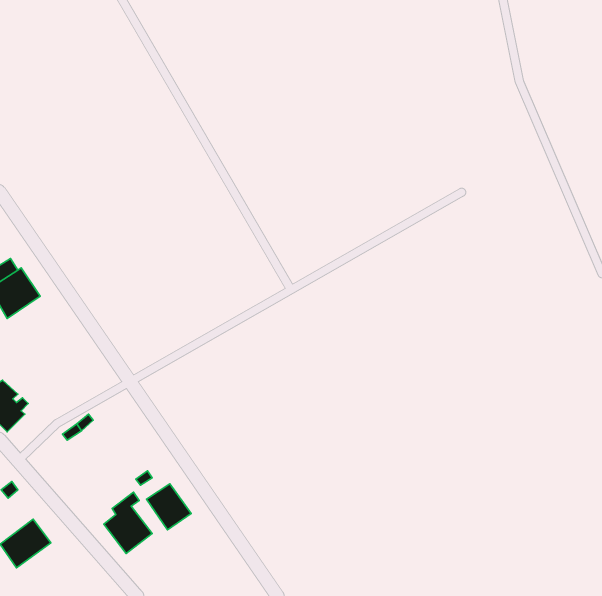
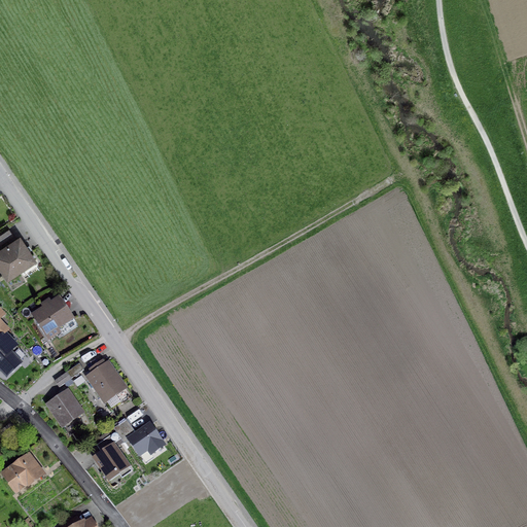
building: none -> [30,294,73,335]
building: none -> [82,356,129,405]
building: none -> [45,388,84,427]

